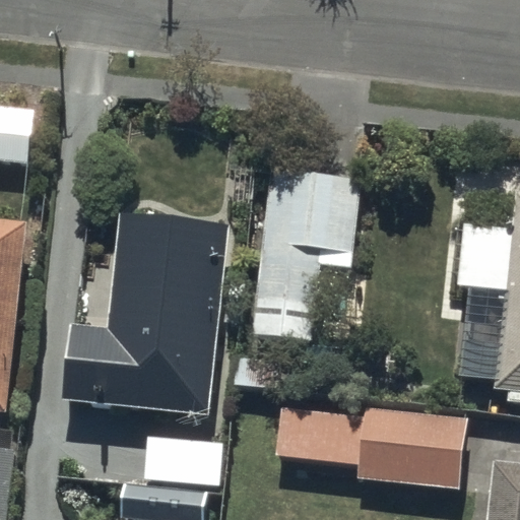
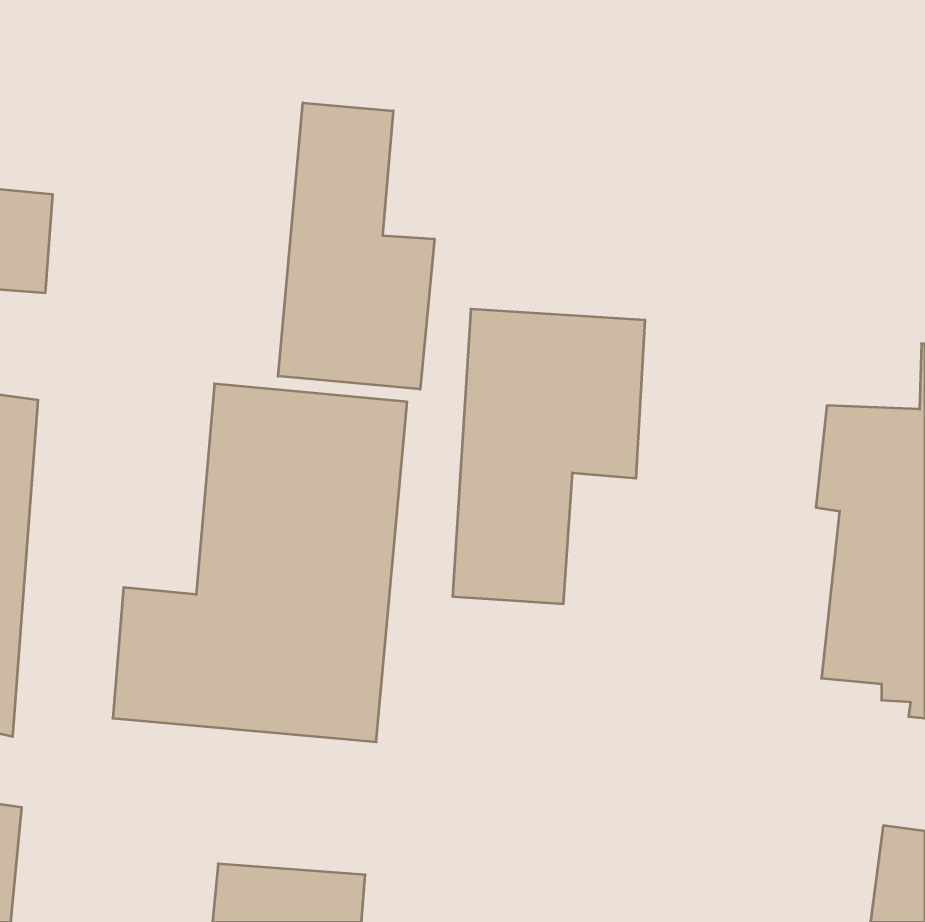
building: none -> [278,103,434,389]
building: [274,405,467,488] -> none

